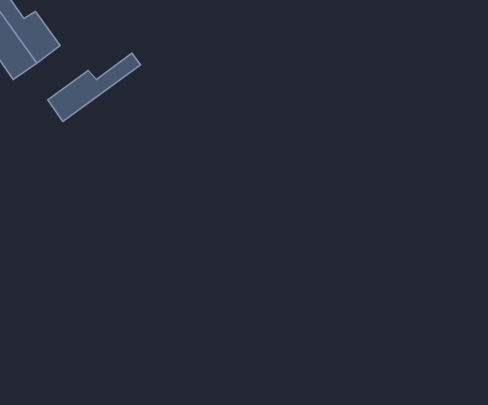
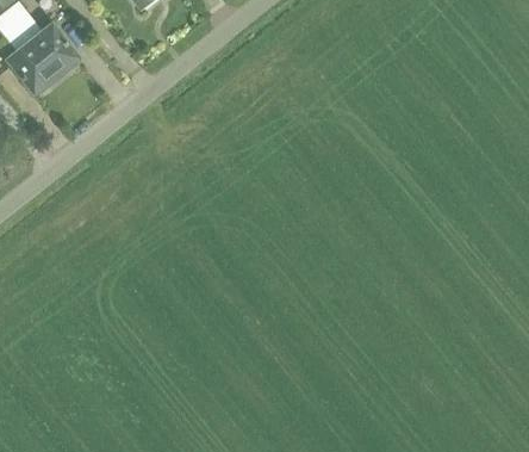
building: [48,53,140,121] -> none

